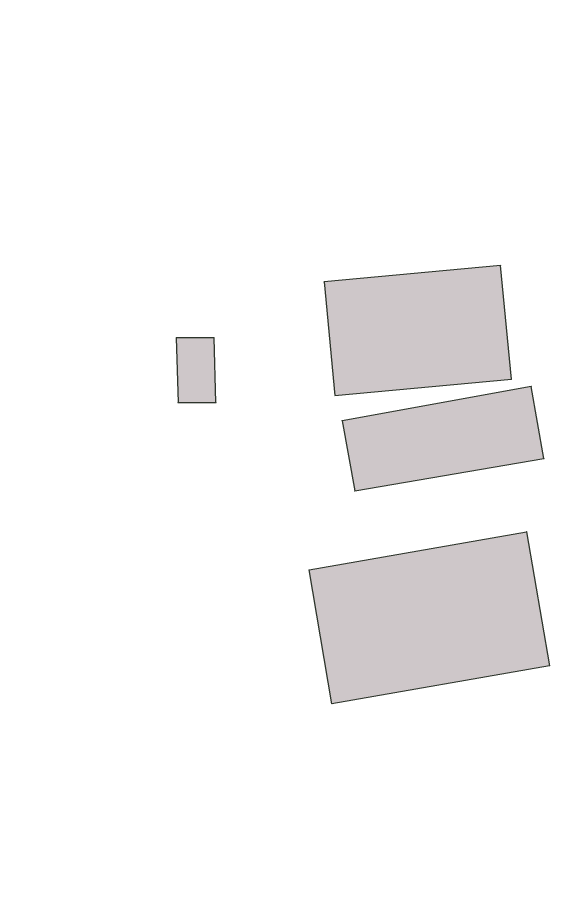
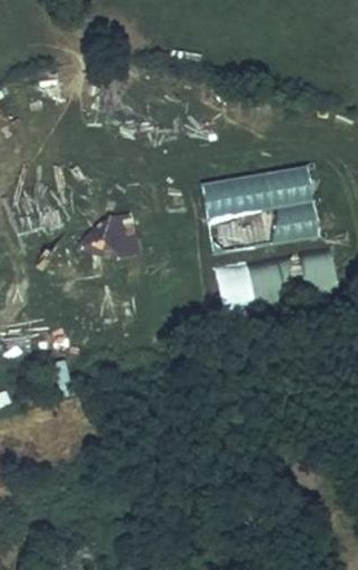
building: [309,532,550,704] -> none

